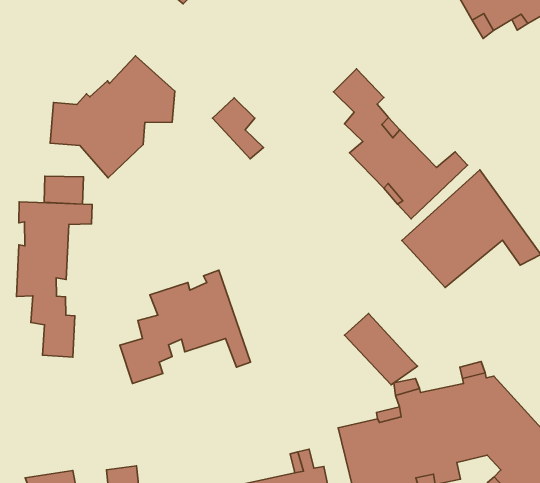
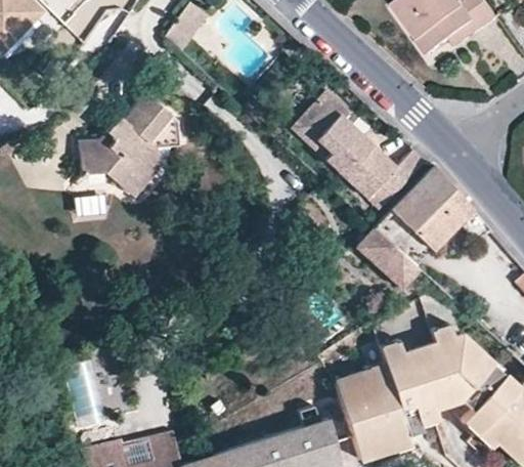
building: [213,98,264,159] -> [293,110,337,159]
building: [16,202,92,357] -> none
building: [120,270,250,384] -> none
building: [344,314,418,385] -> [357,227,420,285]

